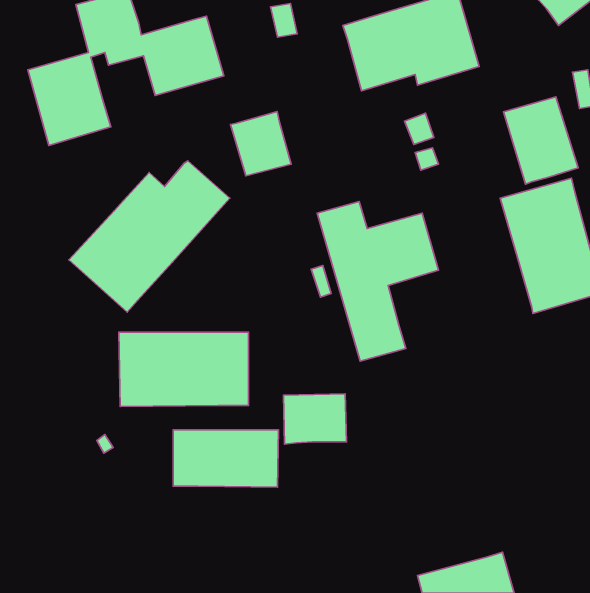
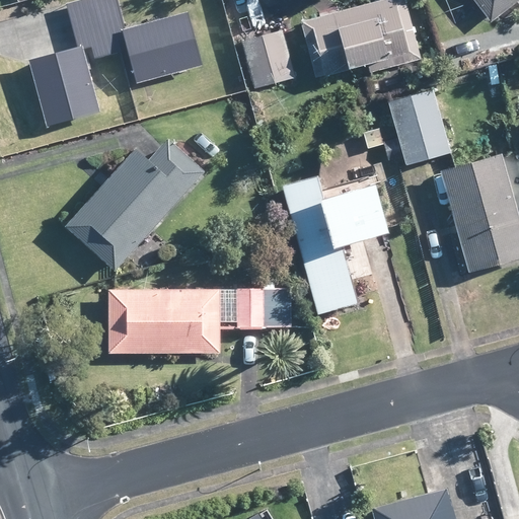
building: [503,97,578,184] -> [387,90,452,166]
building: [231,112,291,176] -> [243,30,296,86]
building: [283,394,346,444] -> [237,287,292,330]
building: [173,430,279,487] -> none

